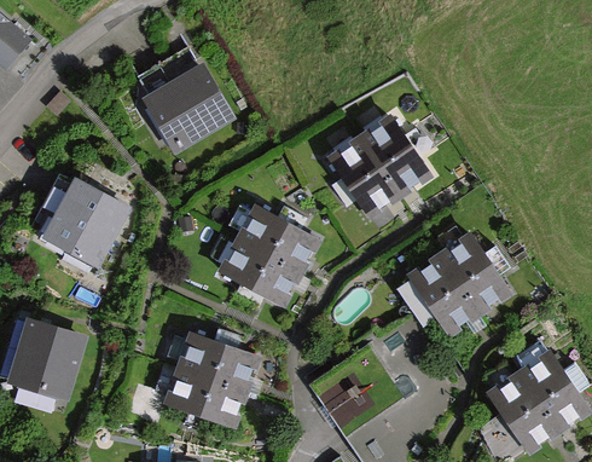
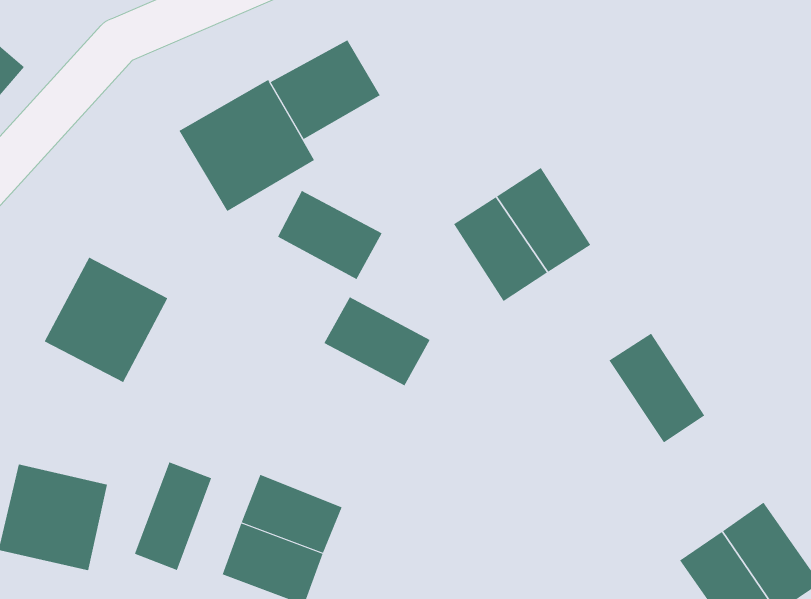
building: none -> [270,40,380,140]
building: [222,242,296,305] -> [277,190,383,280]
building: [410,254,477,331] -> none
building: none -> [134,461,212,571]

